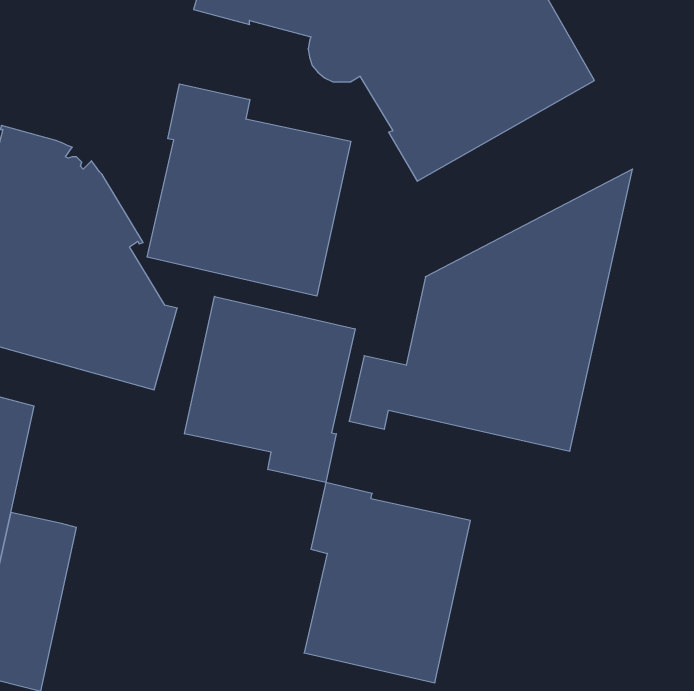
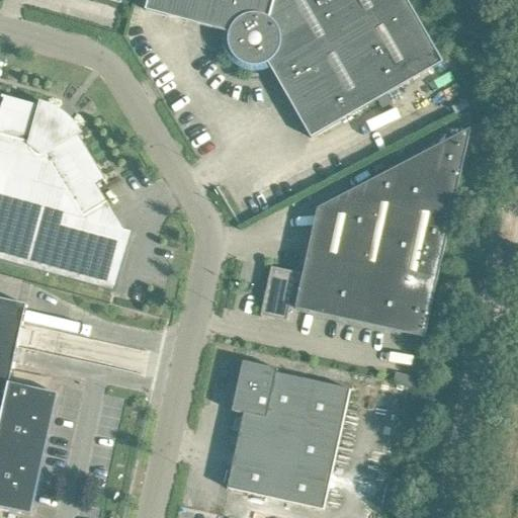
building: [147,84,351,296] -> none
building: [185,296,355,482] -> none

